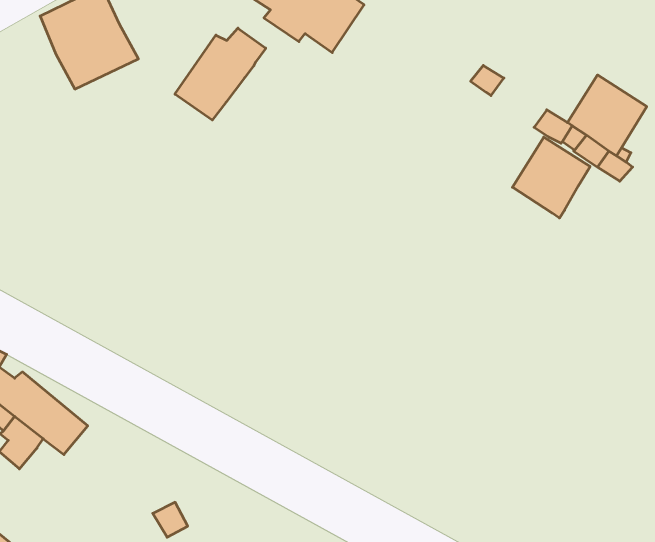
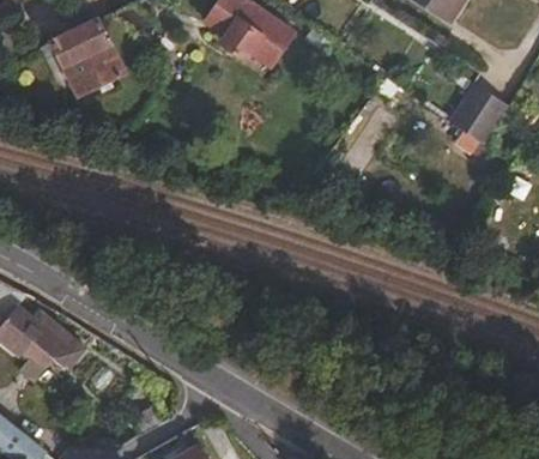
building: [175,28,266,120] -> none
building: [512,137,590,218] -> none

